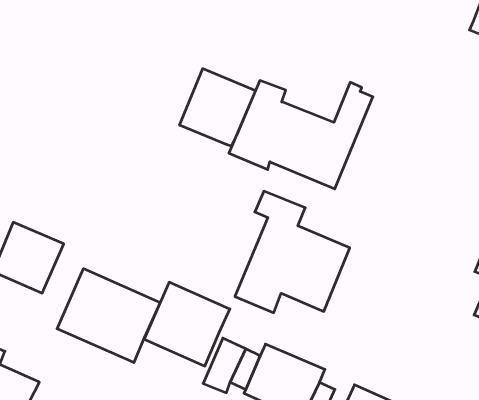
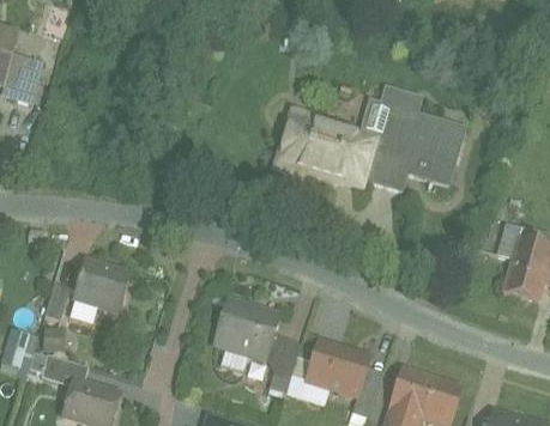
building: [180,69,255,146] -> none
building: [235,191,350,313] -> [369,84,466,190]
building: [57,269,160,363] -> none

